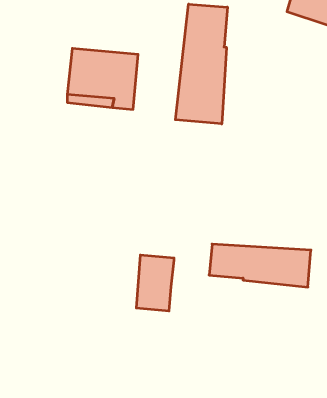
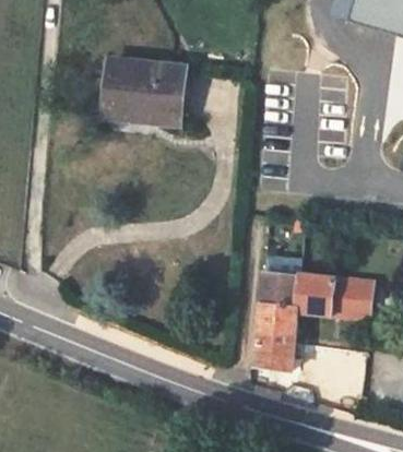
building: [175,4,227,124] -> none
building: [136,255,174,311] -> [258,306,299,367]

